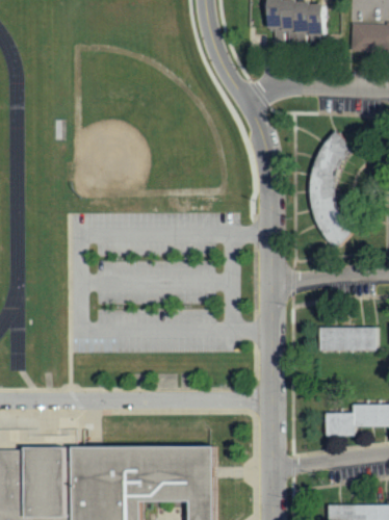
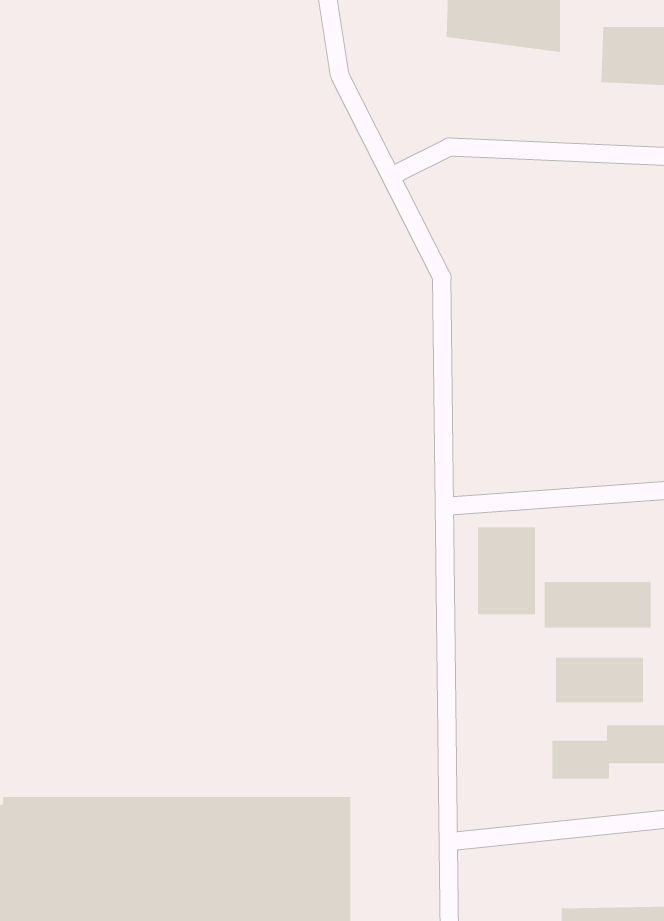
building: [310,131,354,252] -> none
building: none -> [477,526,536,615]
building: none -> [555,657,644,703]

